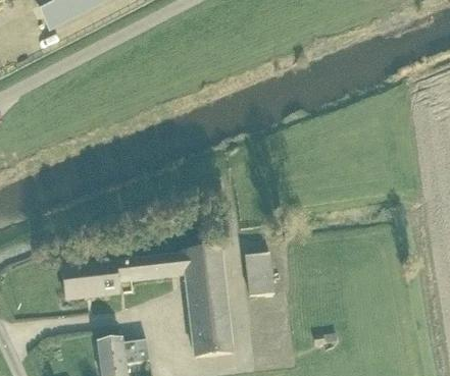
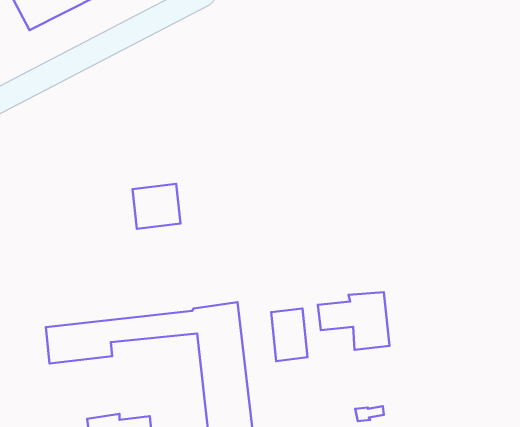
building: none -> [133,184,181,229]
building: none -> [318,292,389,350]

